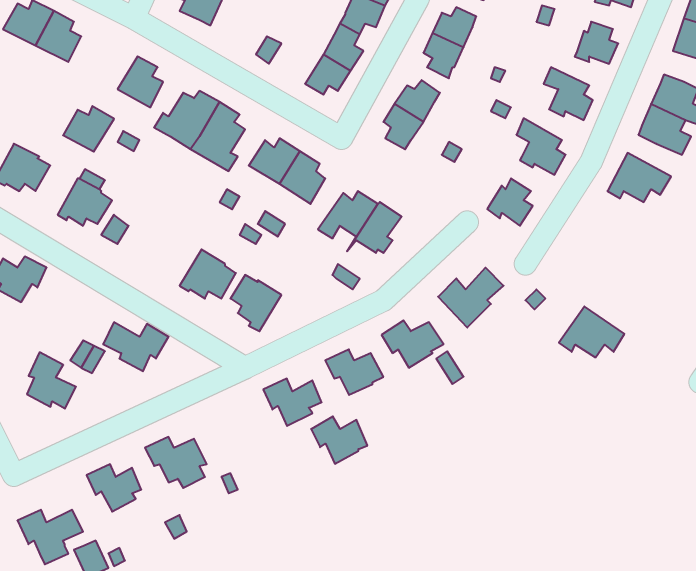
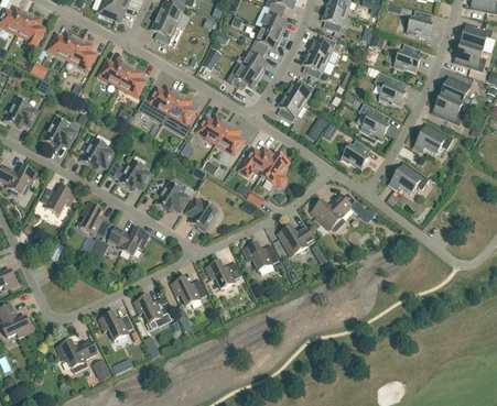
building: [63,106,114,152] -> [98,57,129,85]
building: none -> [118,160,151,188]
building: [559,306,624,357] -> [388,162,428,193]
building: [27,352,76,409] -> [79,201,109,235]
building: [311,416,367,464] -> [171,276,205,305]

